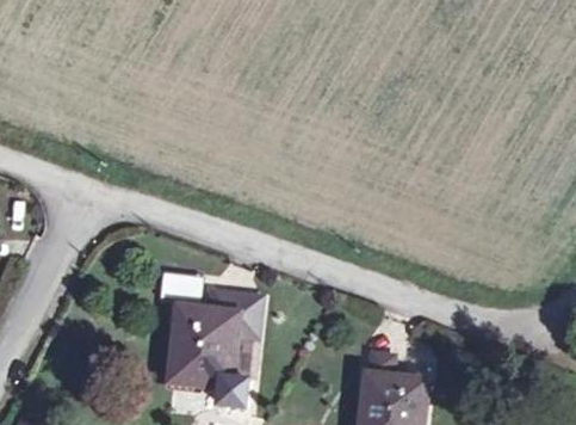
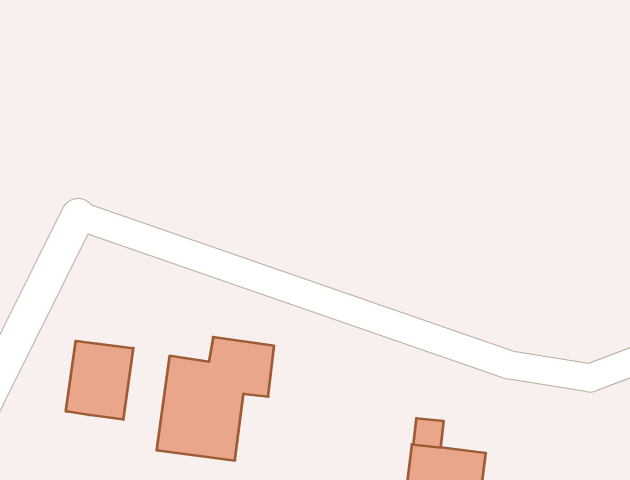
building: none -> [66,341,133,420]

